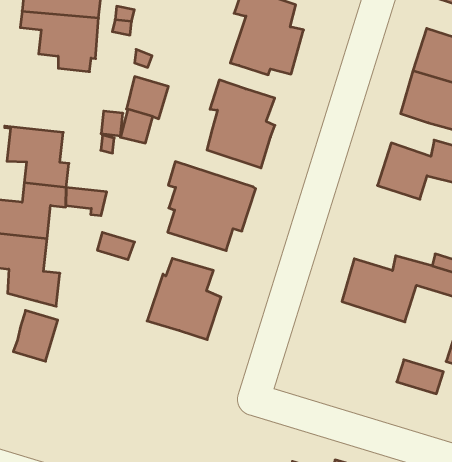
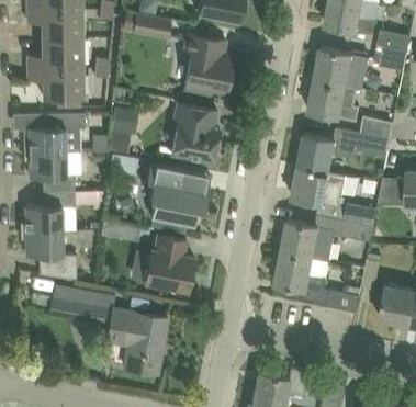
building: none -> [27,114,83,154]
building: none -> [291,167,346,208]
building: none -> [273,253,328,294]
building: none -> [86,292,167,375]

